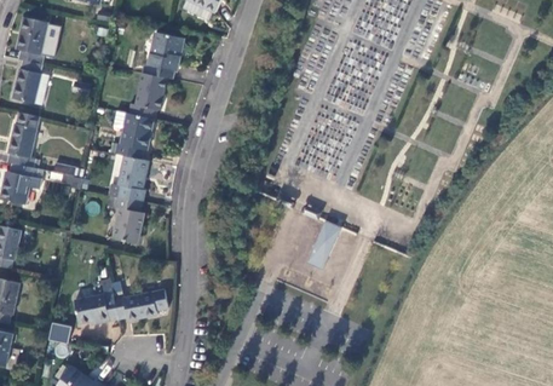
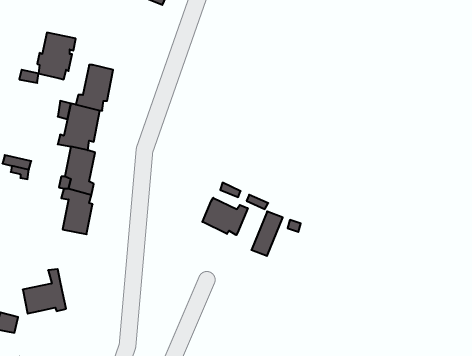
building: [145,31,184,79] -> [37,33,76,79]
building: none -> [202,198,248,235]
building: [115,290,159,319] -> none

